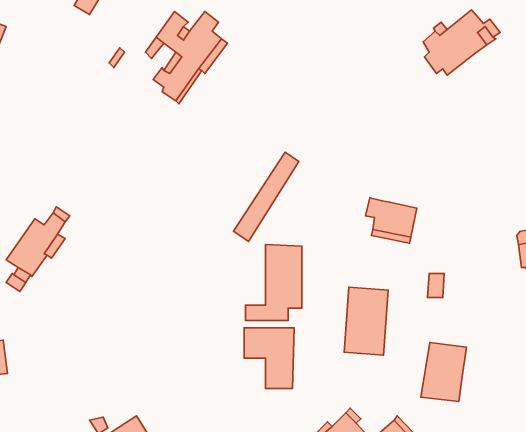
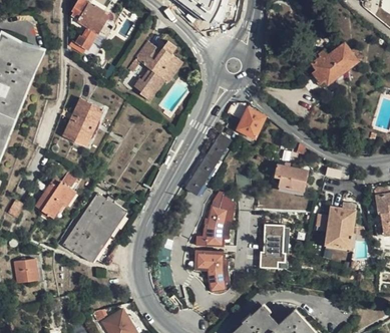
building: none -> [63,99,102,145]
building: none -> [238,108,265,137]
building: none -> [62,194,124,262]
building: [421,343,466,402] -> [325,208,355,247]

